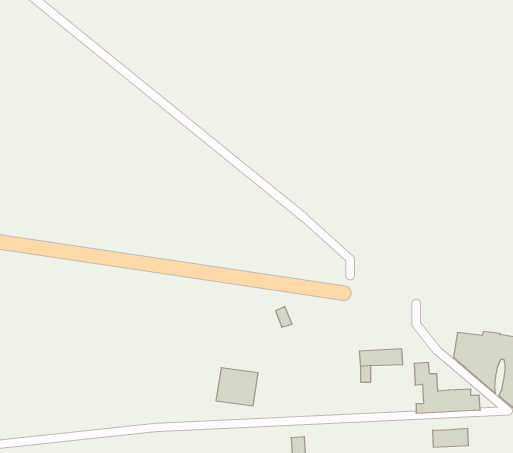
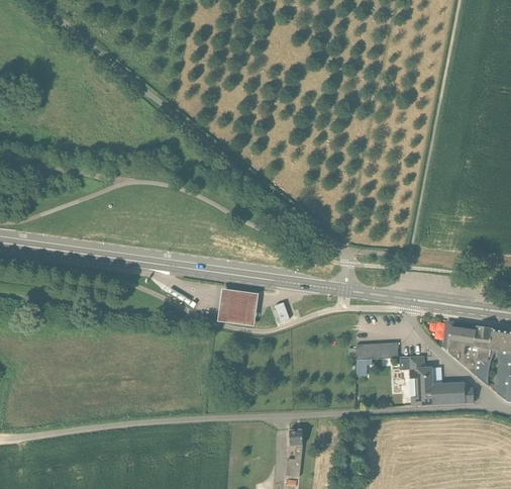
building: [216,368,258,406] -> [217,288,259,325]
building: [433,428,468,447] -> none

